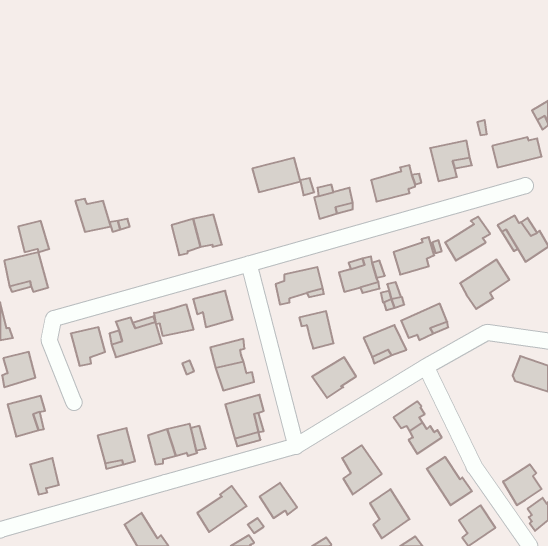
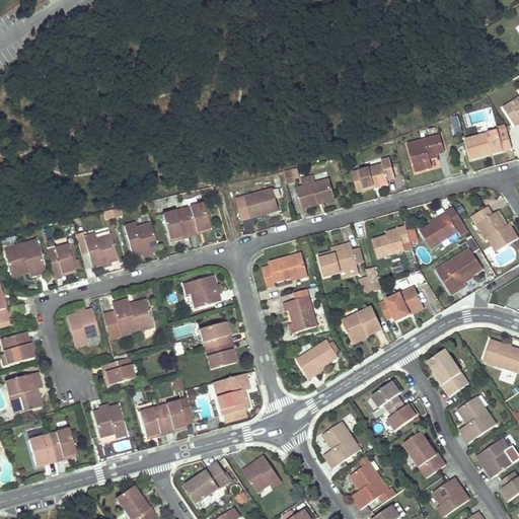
building: [252,158,301,192] -> [235,188,281,220]
building: [75,199,111,232] -> [83,233,117,265]
building: [18,221,49,252] -> [48,244,77,274]
building: none -> [126,224,158,255]
building: [154,304,193,336] -> none
building: none -> [426,350,465,395]
building: none -> [104,358,134,387]
building: none -> [455,395,493,441]
building: none -> [50,428,78,458]

